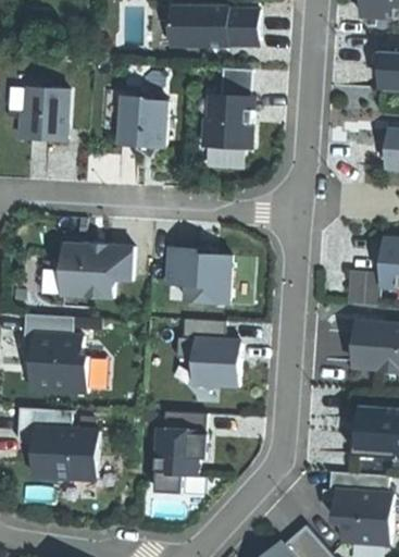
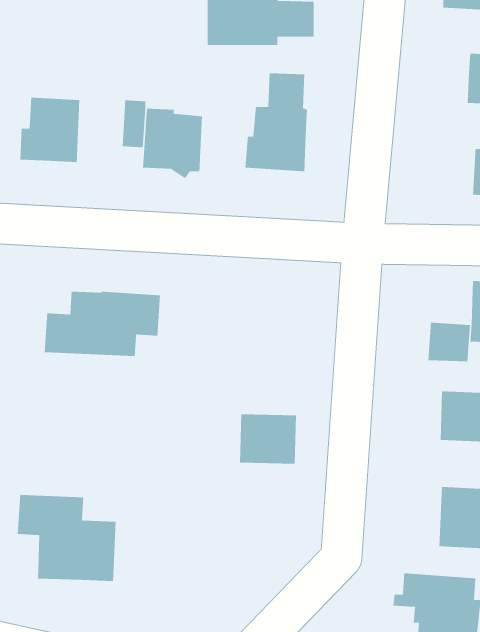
building: [169,251,233,299] -> none
building: [22,315,87,393] -> none
building: [158,428,207,491] -> none

